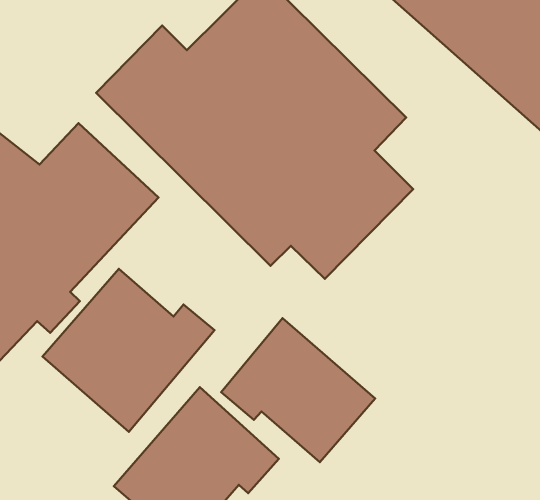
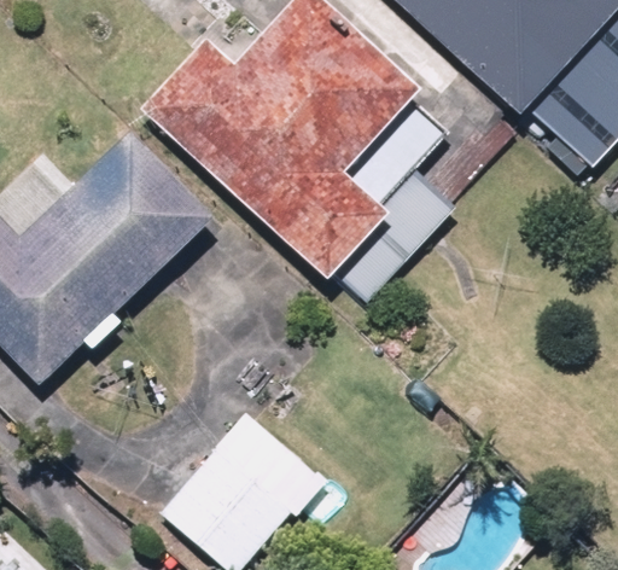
building: [42,269,214,432] -> none
building: [221,318,375,462] -> none

